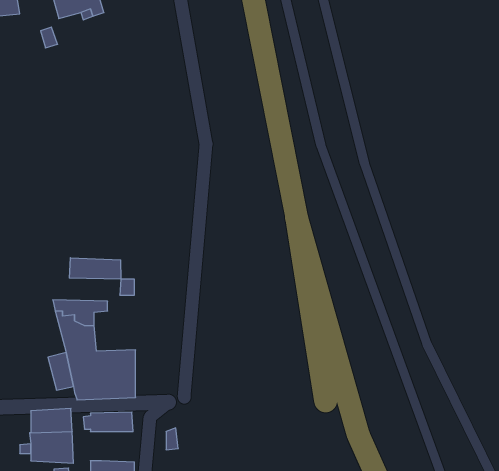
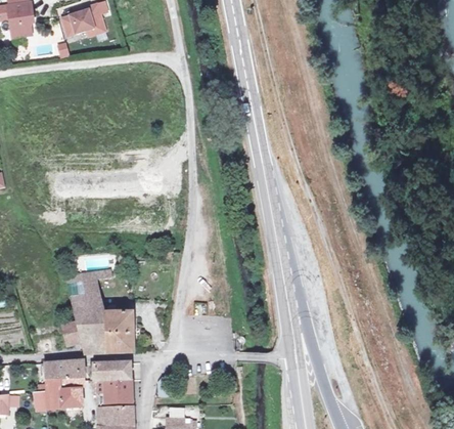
building: [69,258,121,279] -> none
building: none -> [96,381,132,405]

